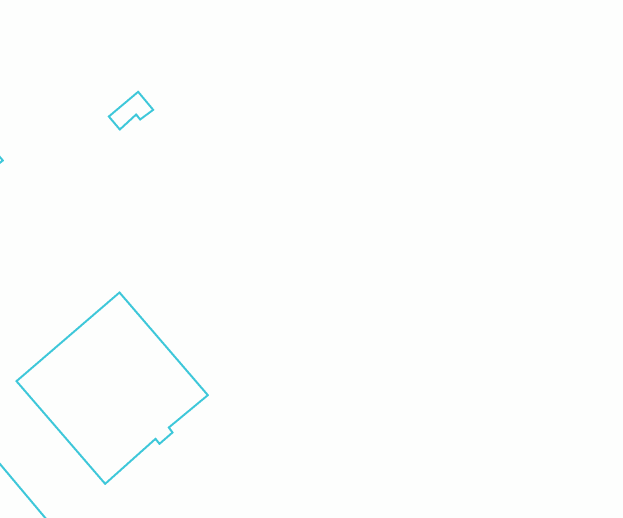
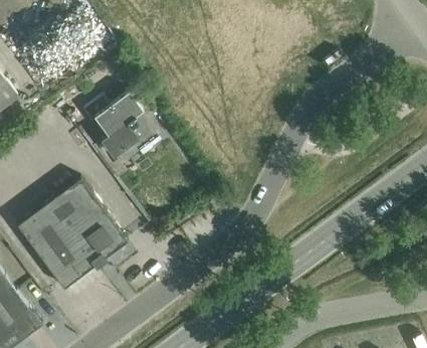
building: none -> [83,93,144,159]

